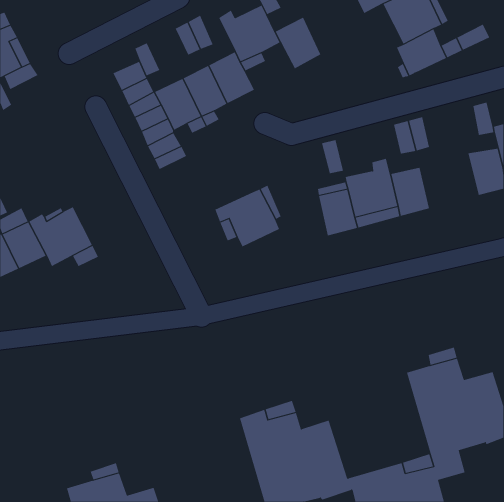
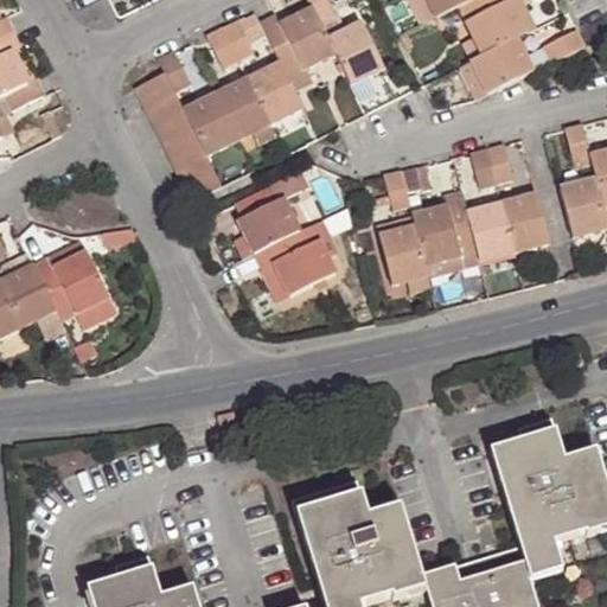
building: none -> [243,171,311,251]
building: none -> [504,191,550,250]

